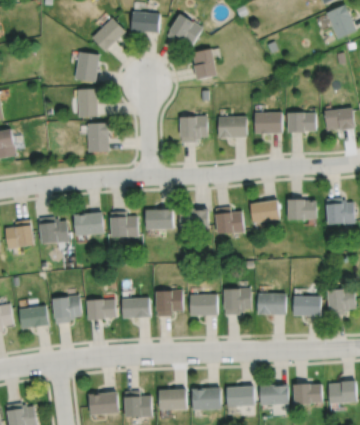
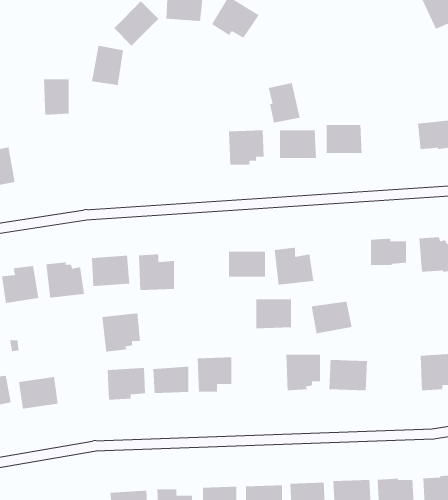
building: [192,49,217,80] -> [268,83,300,123]
building: [77,89,97,117] -> [43,79,69,115]
building: [287,112,316,134] -> none
building: [87,123,109,154] -> none
building: [249,200,281,225] -> [311,301,353,334]
building: [145,209,173,231] -> none
building: [189,294,217,317] -> [255,299,292,329]
building: [51,295,81,325] -> [102,313,141,352]
building: [292,295,321,317] -> none

